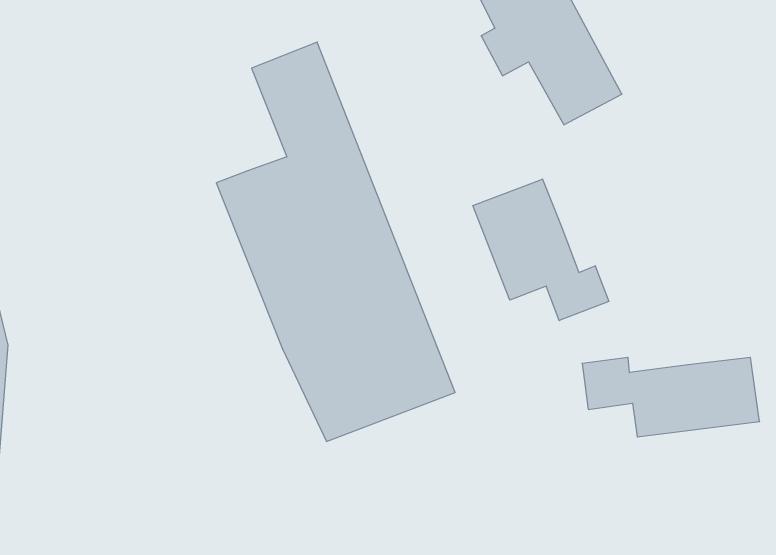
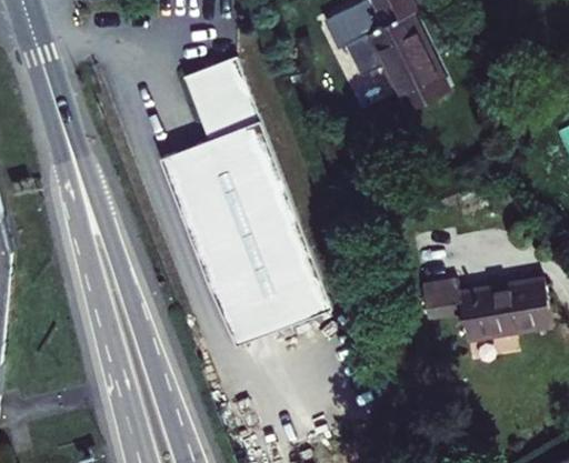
building: [473,179,609,321] -> none

